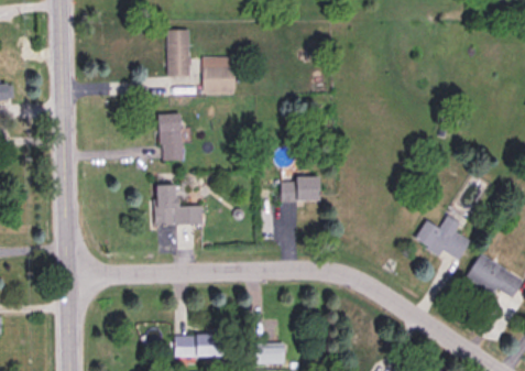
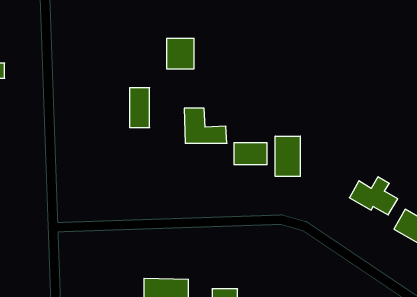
building: [166,30,188,76] -> none
building: none -> [275,136,300,176]
building: [153,185,203,226] -> [184,108,227,143]

